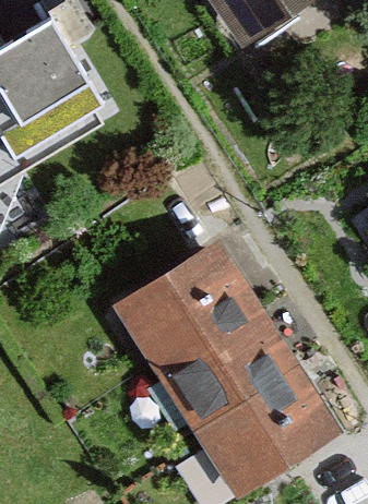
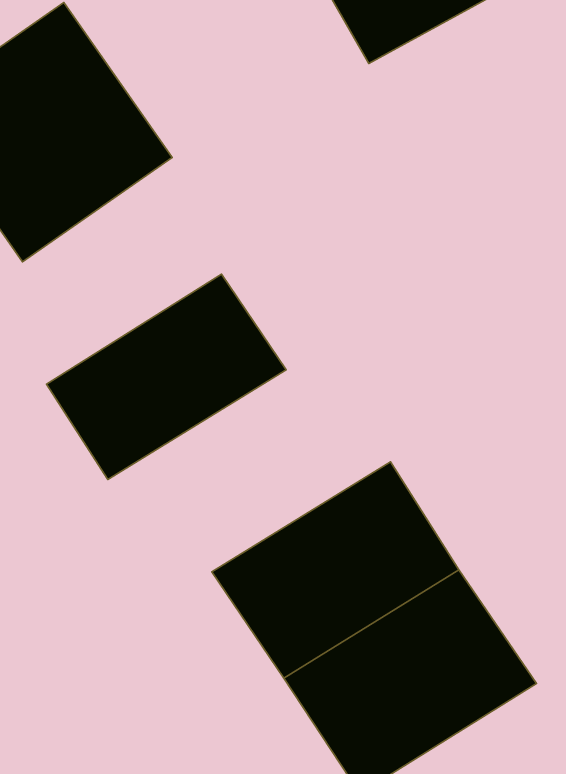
building: [107,237,252,361] -> [46,274,286,480]

